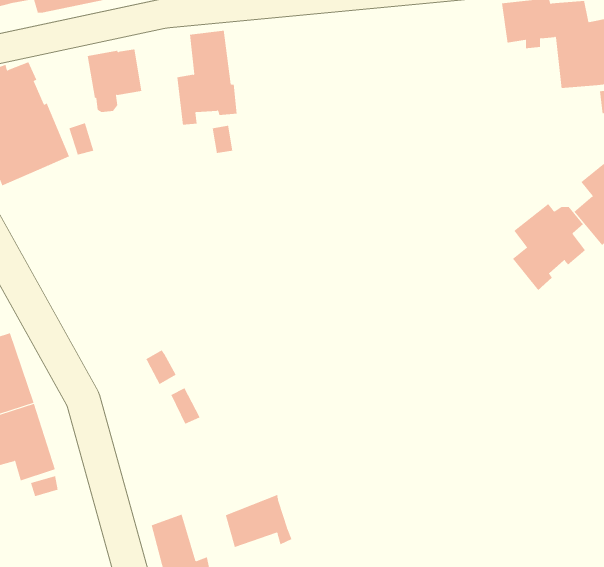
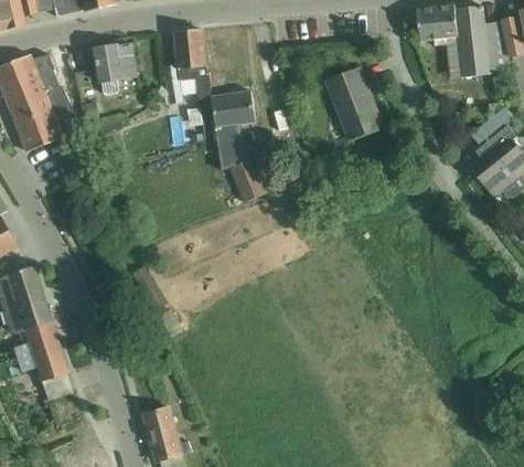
building: none -> [324,66,381,139]
building: none -> [211,91,265,201]
building: [512,203,586,291] -> none
building: [225,494,292,548] -> none

